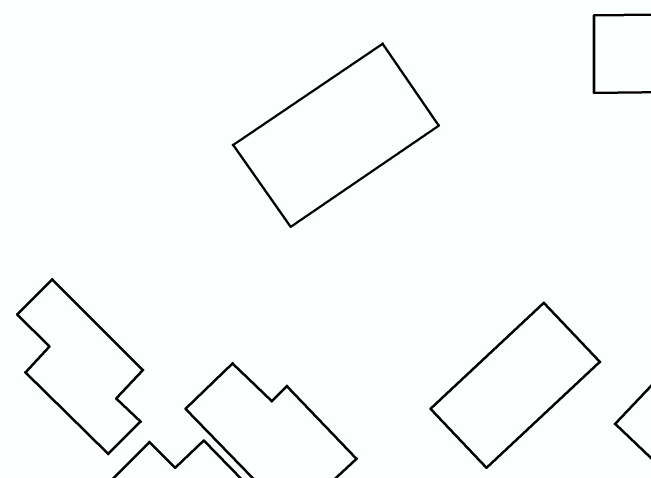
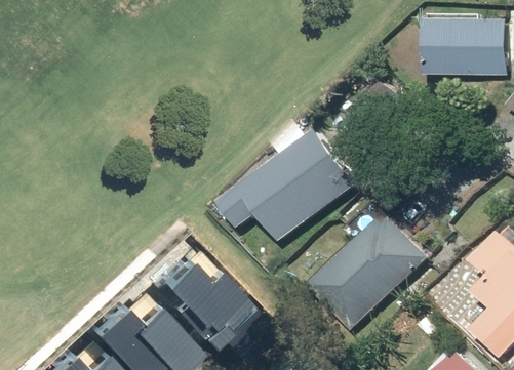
building: [233,44,439,227] -> [216,131,356,255]
building: [17,279,143,454] -> none

